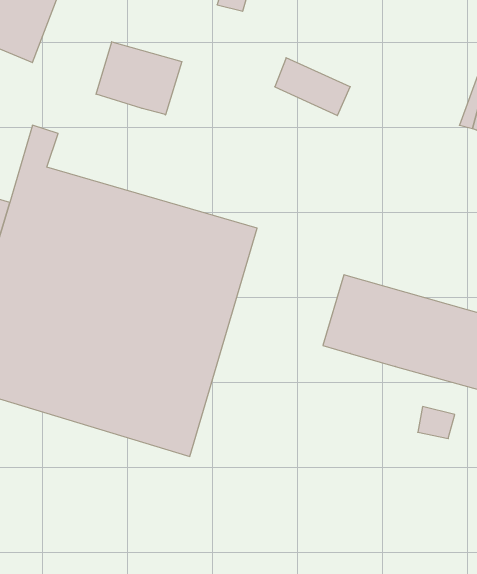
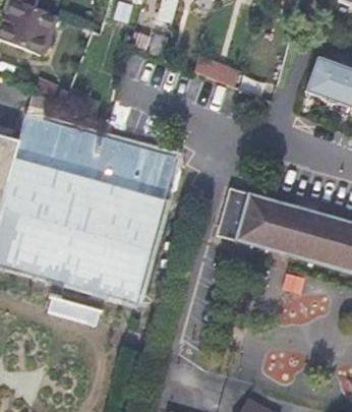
building: [96,42,182,115] -> none

